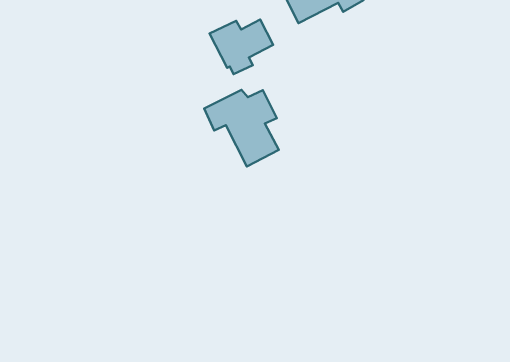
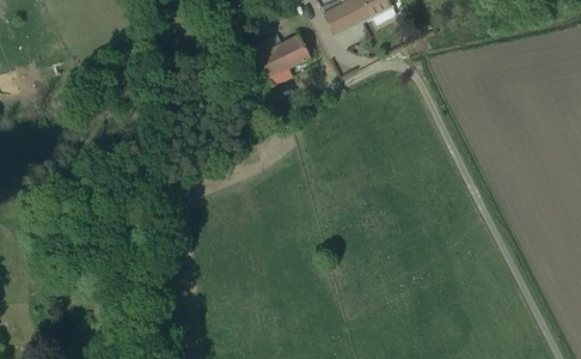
building: [204,90,279,166] -> none

